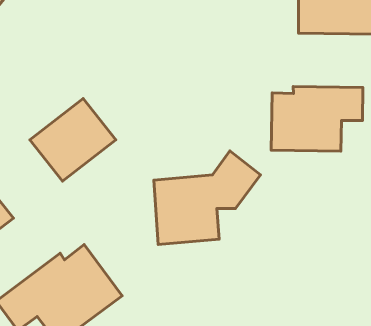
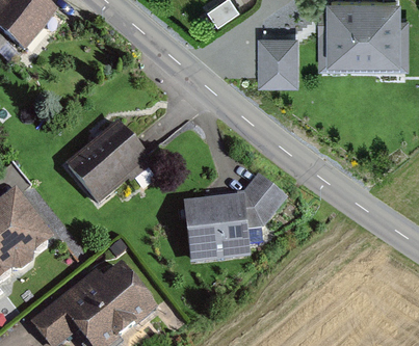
building: none -> [260,37,297,84]
building: [271,87,363,151] -> none

